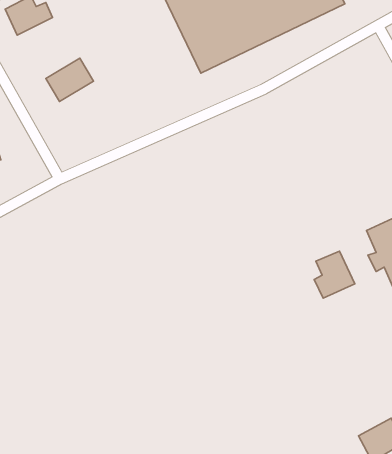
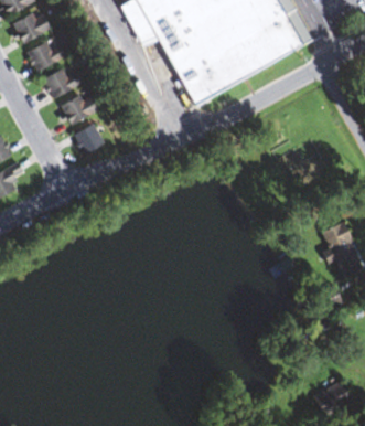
building: none -> [42,68,82,99]
building: none -> [73,124,104,155]
building: [314,251,355,298] -> none

